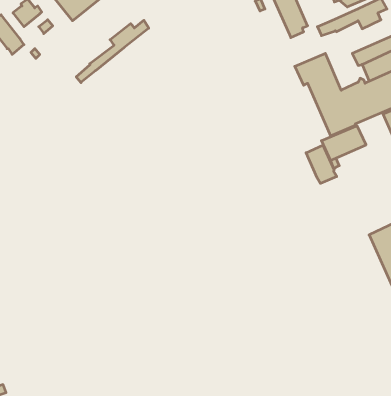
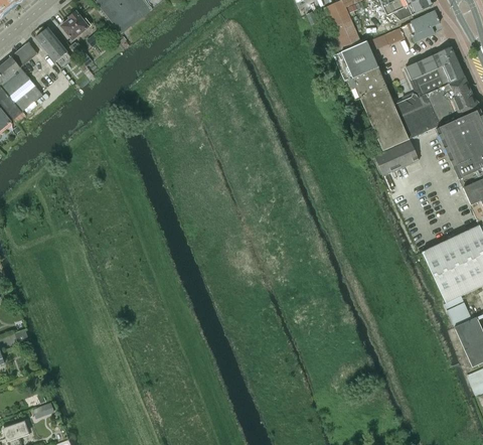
building: [76,20,149,83] -> none
building: none -> [332,39,377,80]
building: [306,145,337,183] -> none

